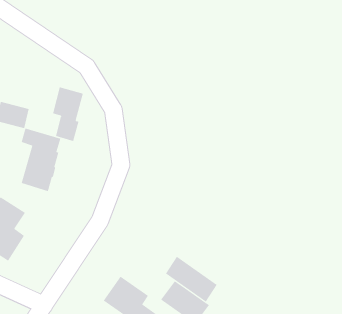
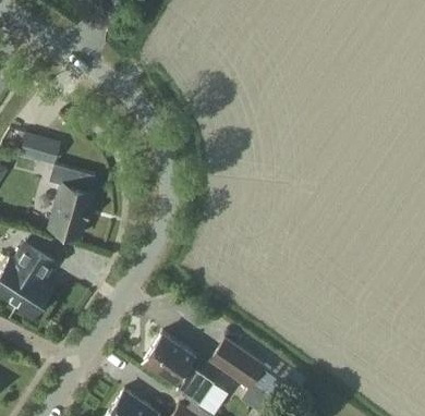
building: [52,87,84,142] -> none
building: [165,256,217,303] -> none

